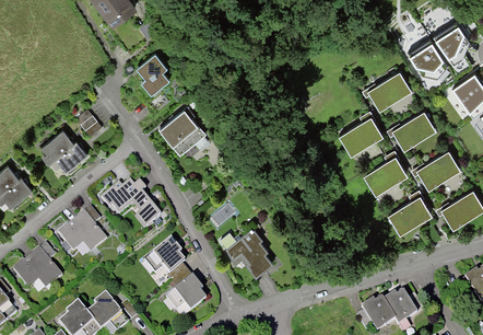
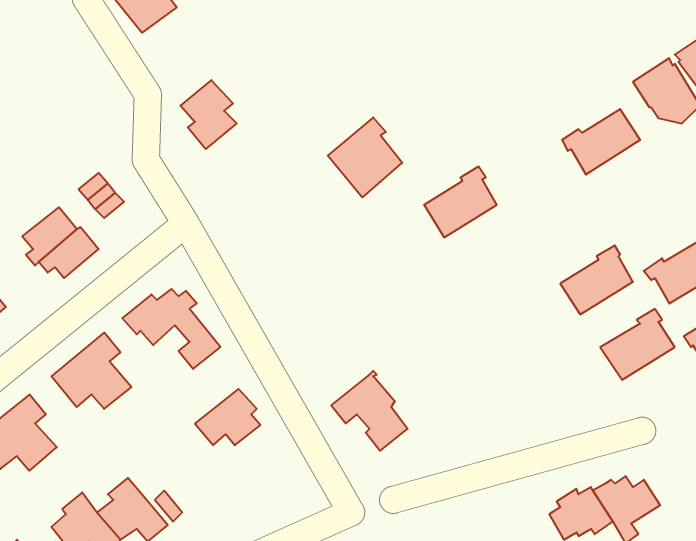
building: [160,107,204,155] -> [328,117,402,197]
building: [389,111,437,150] -> none
building: [339,113,382,155] -> [424,167,497,237]
building: [166,276,205,311] -> none

